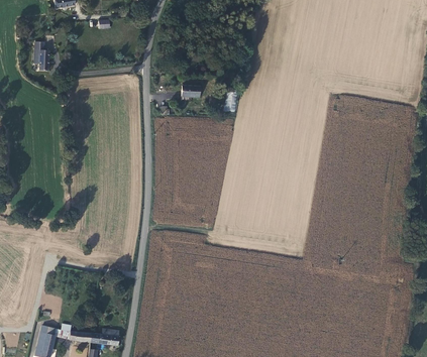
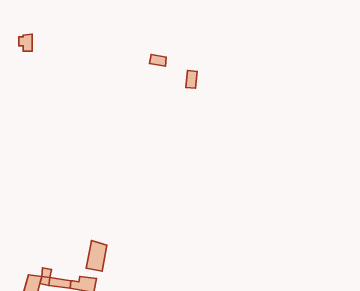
building: none -> [86,240,107,271]

